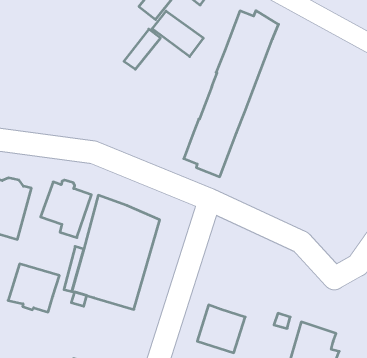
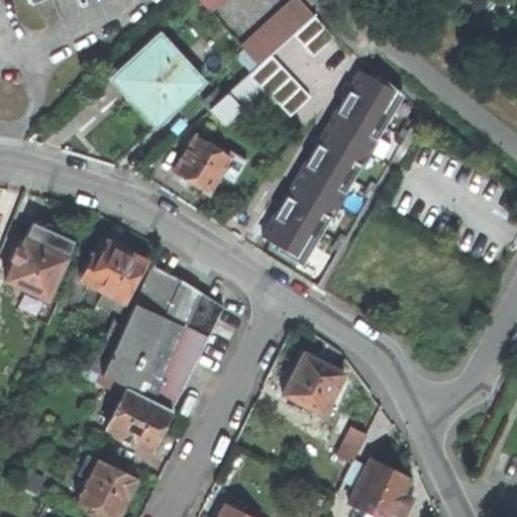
building: none -> [114,36,203,125]
building: none -> [176,135,232,193]
building: [8,264,59,312] -> [106,386,173,449]
building: [197,305,245,353] -> [282,351,344,414]

